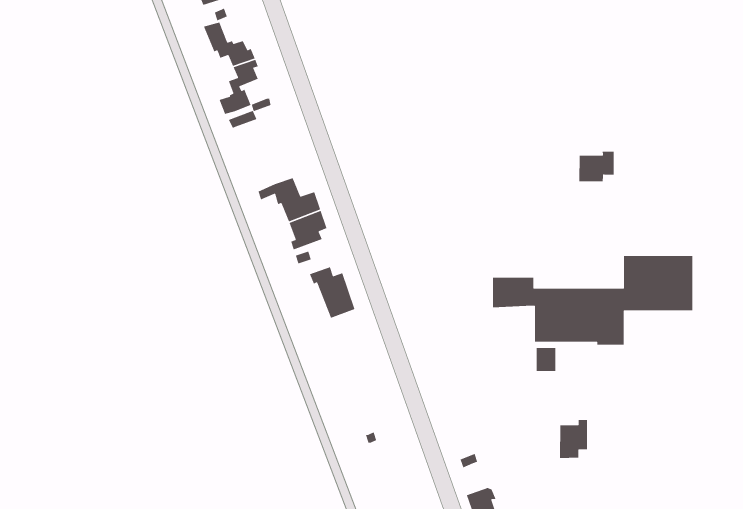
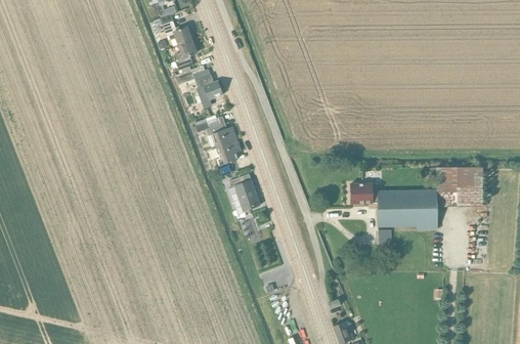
building: none -> [196,77,224,108]
building: [578,151,614,182] -> none
building: [559,419,588,459] -> none

